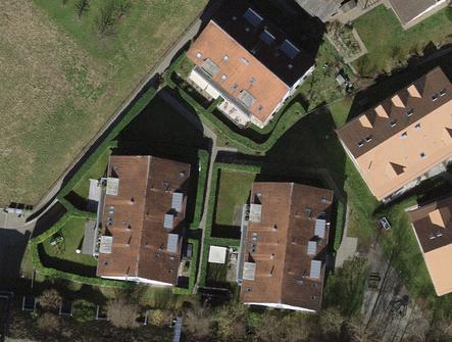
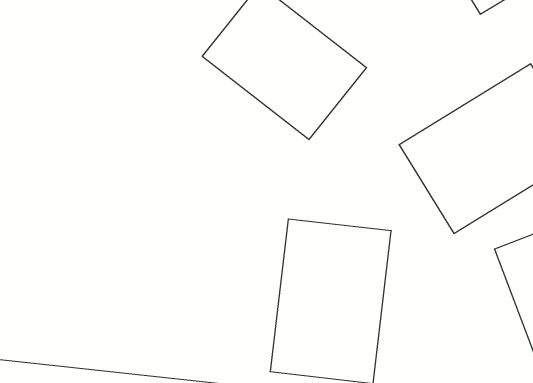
building: [93,161,186,289] -> none

